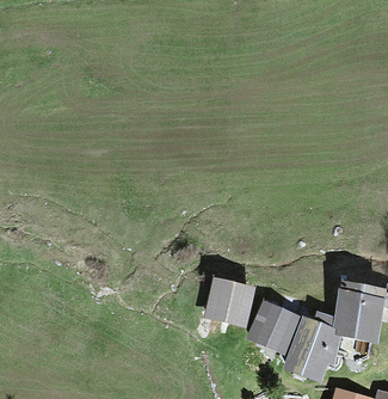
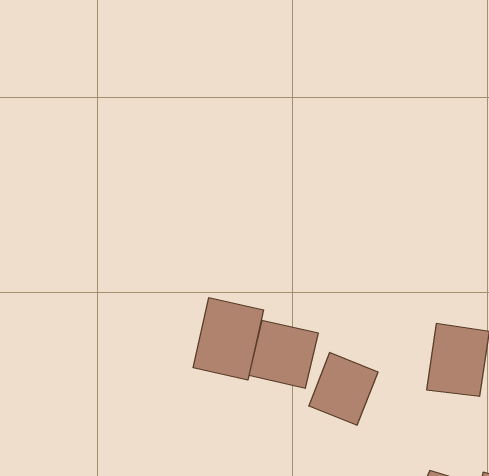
building: none -> [193,298,264,380]
building: [281,317,339,382] -> none

